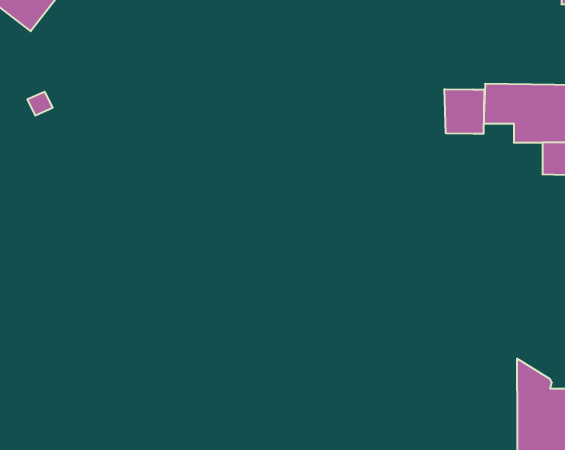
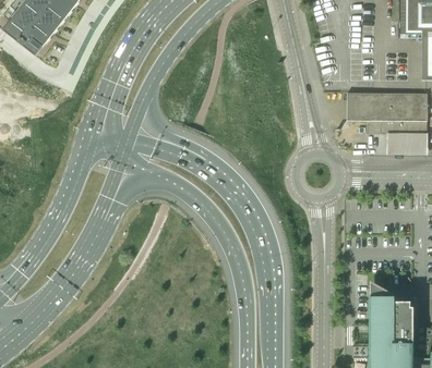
building: [445,89,484,134] -> none

